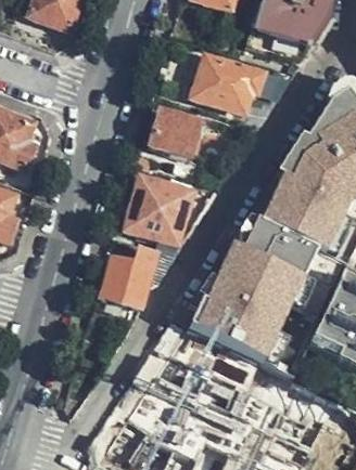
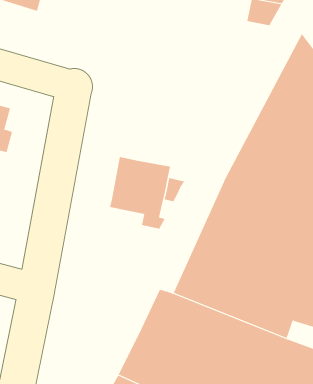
building: [193,56,289,112] -> none
building: [151,117,200,156] -> none
building: [104,249,175,310] -> none

